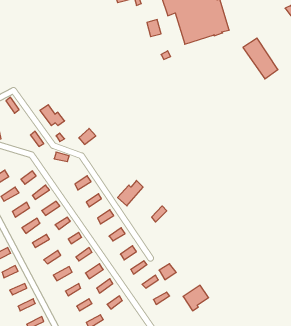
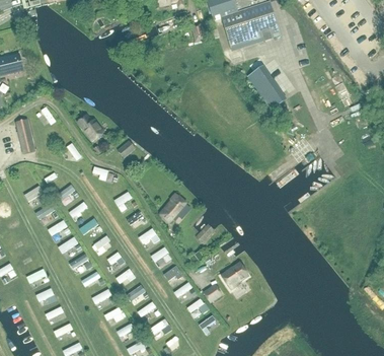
building: [243,38,278,79] -> [247,65,285,109]
building: [183,285,209,311] -> [222,263,249,290]

